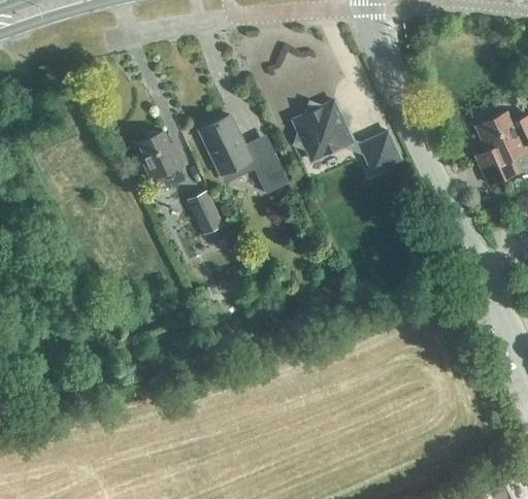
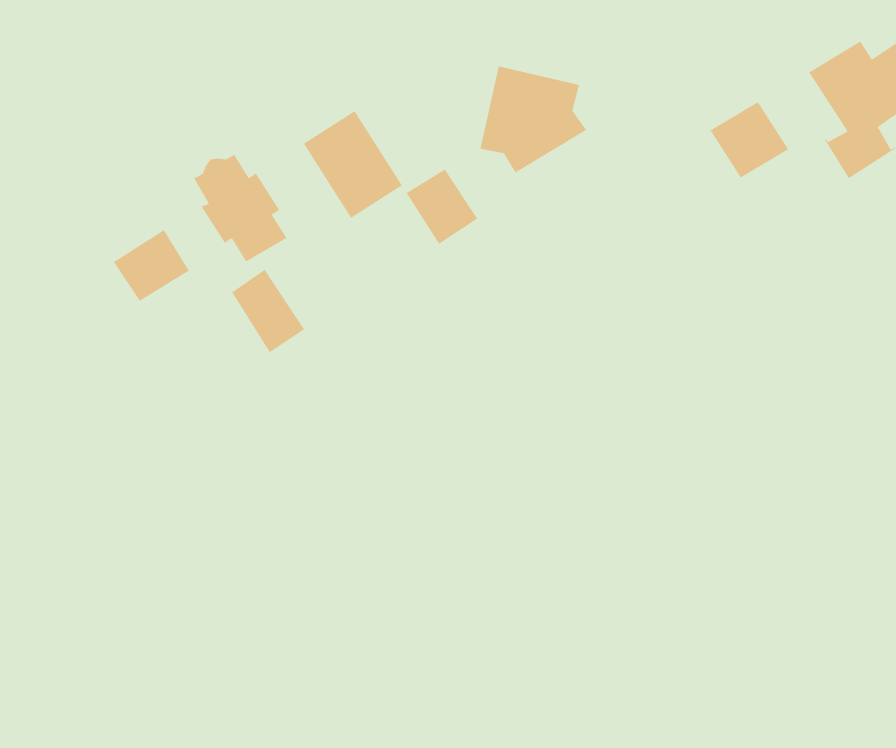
building: [360,131,401,171] -> [710,101,789,179]
building: none -> [113,229,190,302]
building: [186,190,223,235] -> [231,269,305,353]

